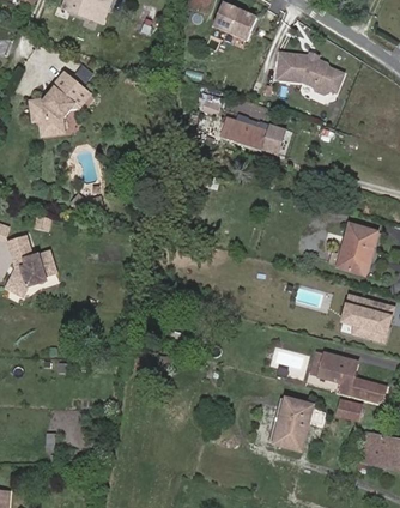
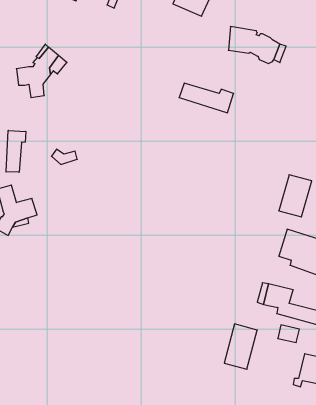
building: none -> [6,130,26,172]

